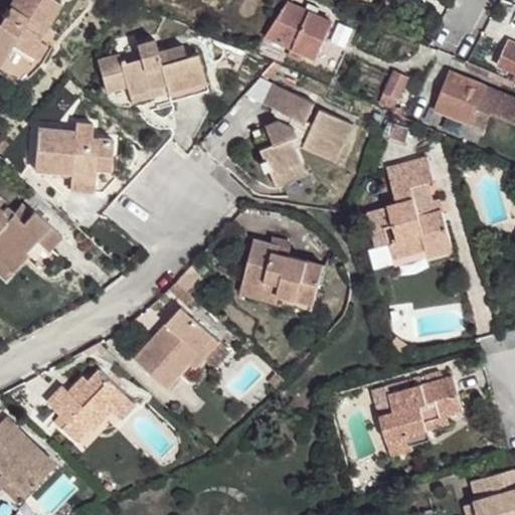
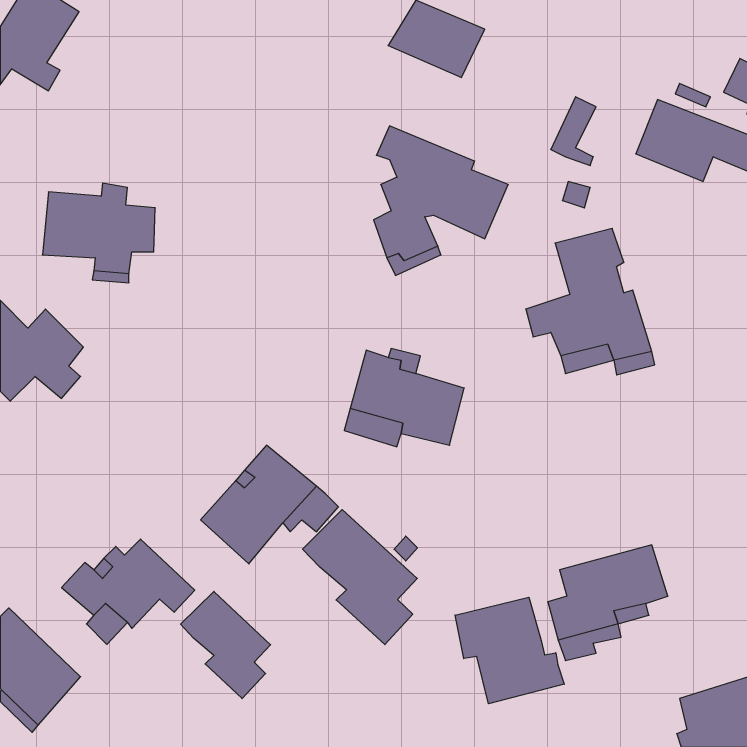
building: [94,42,202,99] -> none
building: none -> [303,510,417,645]
building: none -> [181,591,271,699]
building: none -> [455,597,564,704]

